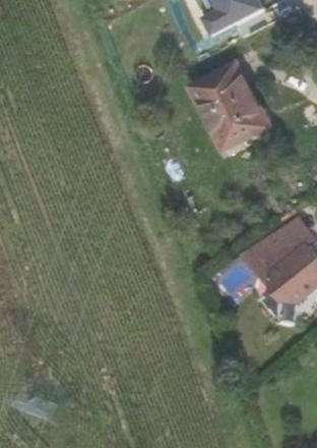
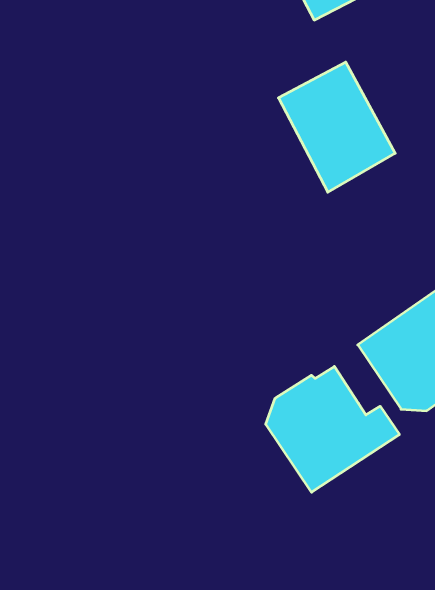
building: none -> [266,366,399,492]

